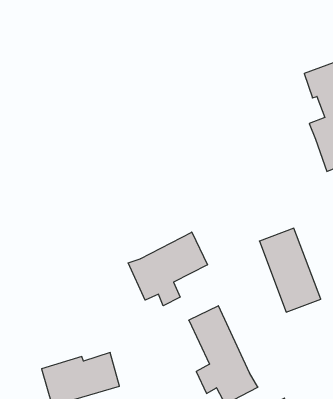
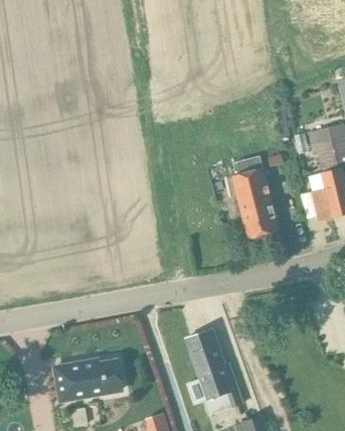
building: [259,228,321,312] -> [232,168,281,241]
building: [128,232,207,306] -> none

